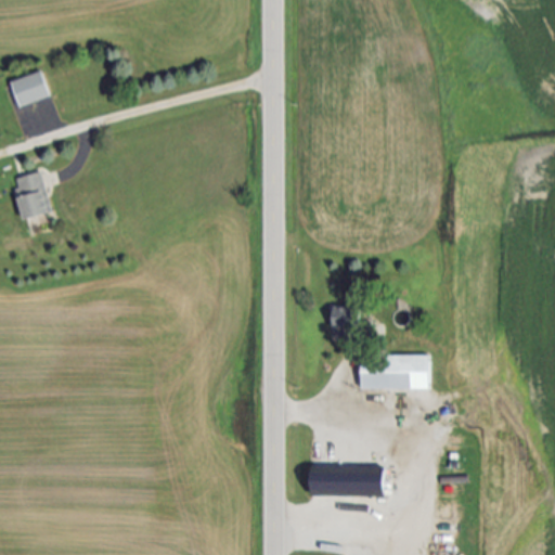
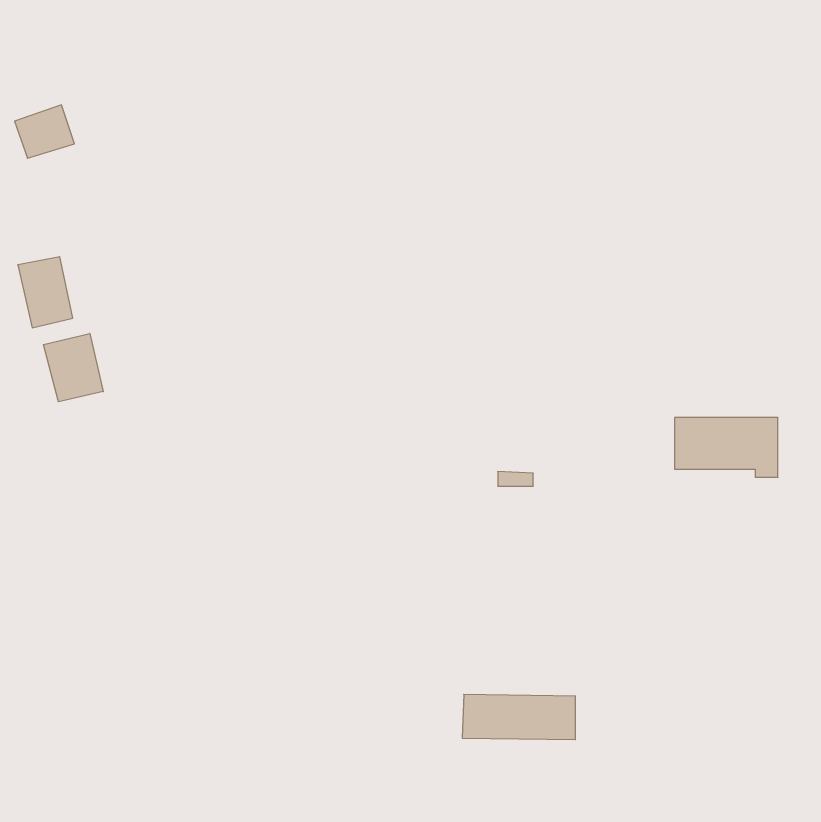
building: none -> [43,333,103,402]
building: [360,354,429,395] -> [675,418,778,477]

